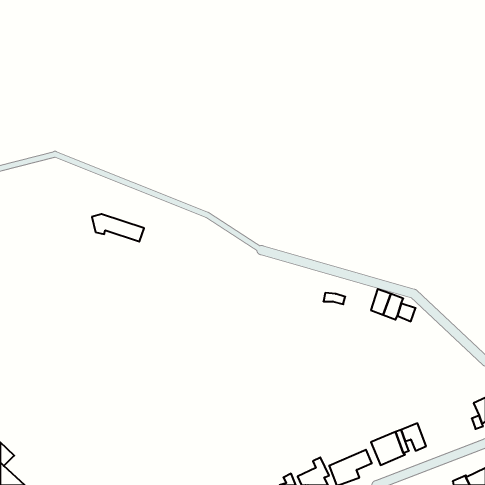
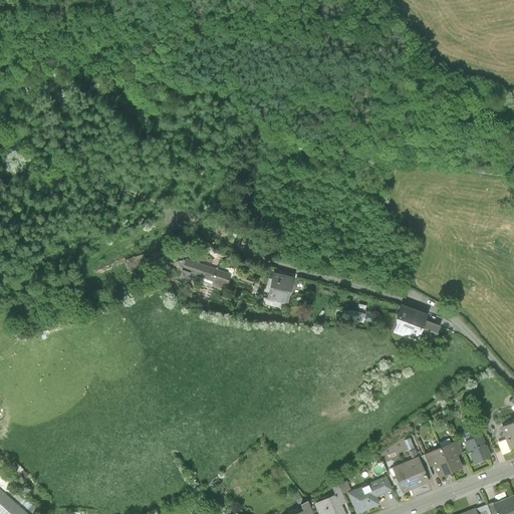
building: [92,214,144,242] -> [177,259,232,288]
building: none -> [267,275,295,303]
building: none -> [466,434,491,462]
building: none -> [442,441,463,471]

